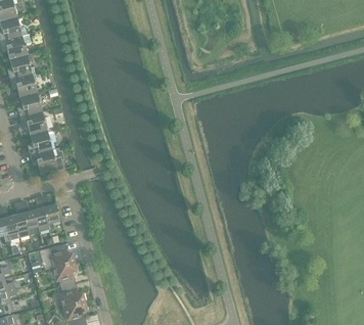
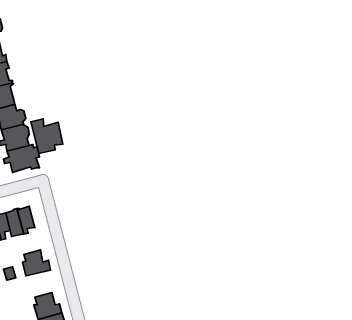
building: none -> [31,119,63,153]
building: [51,262,76,286] -> none

